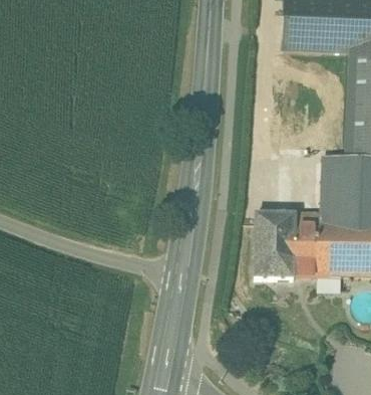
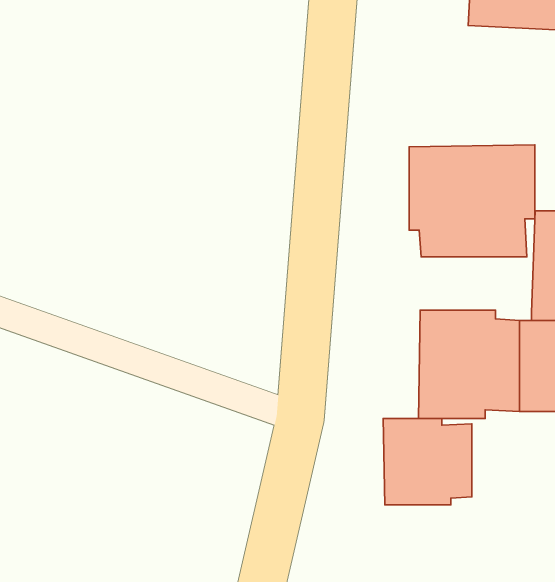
building: none -> [409,145,535,257]
building: none -> [383,418,472,505]

